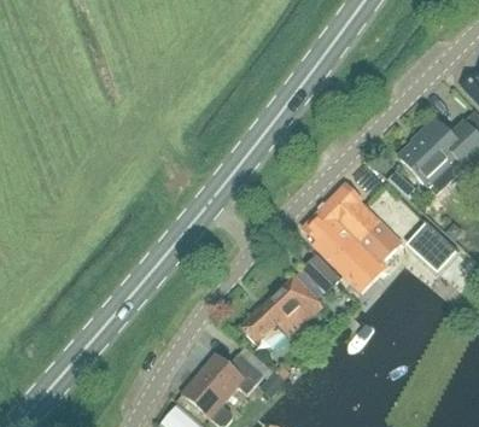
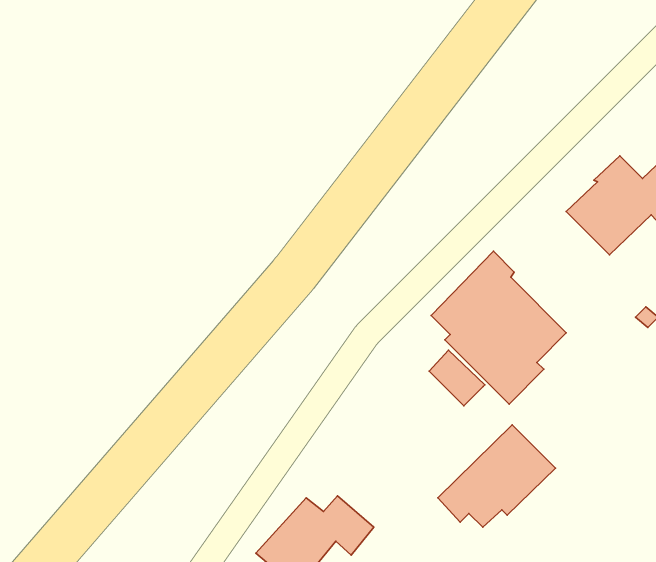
building: [408,218,455,264] -> none
building: [241,275,323,346] -> [438,425,556,527]

